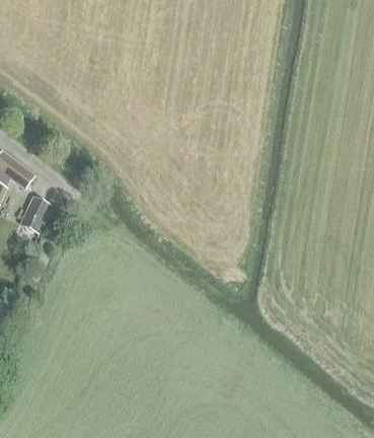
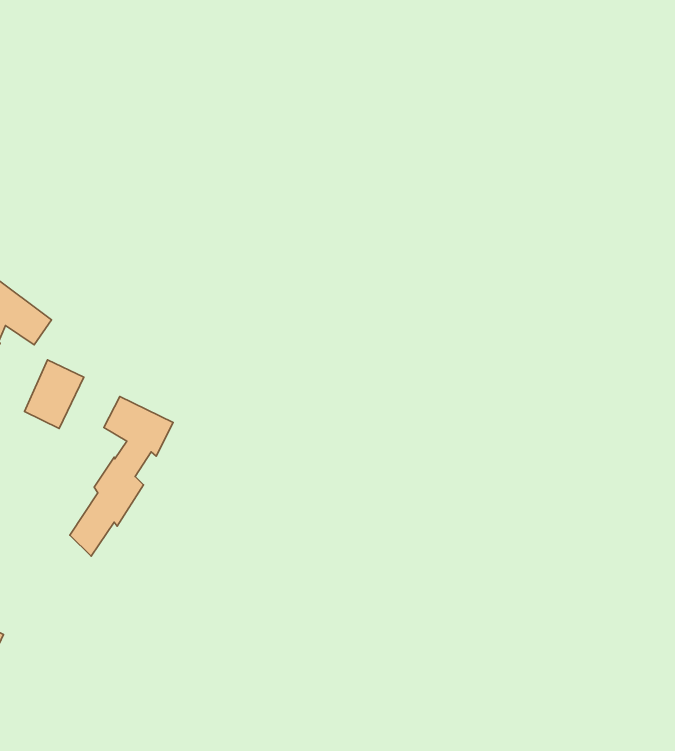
building: none -> [70,397,173,556]

